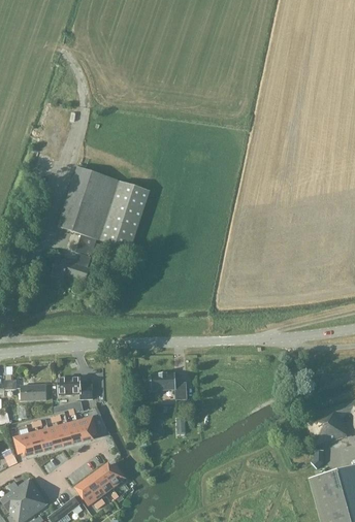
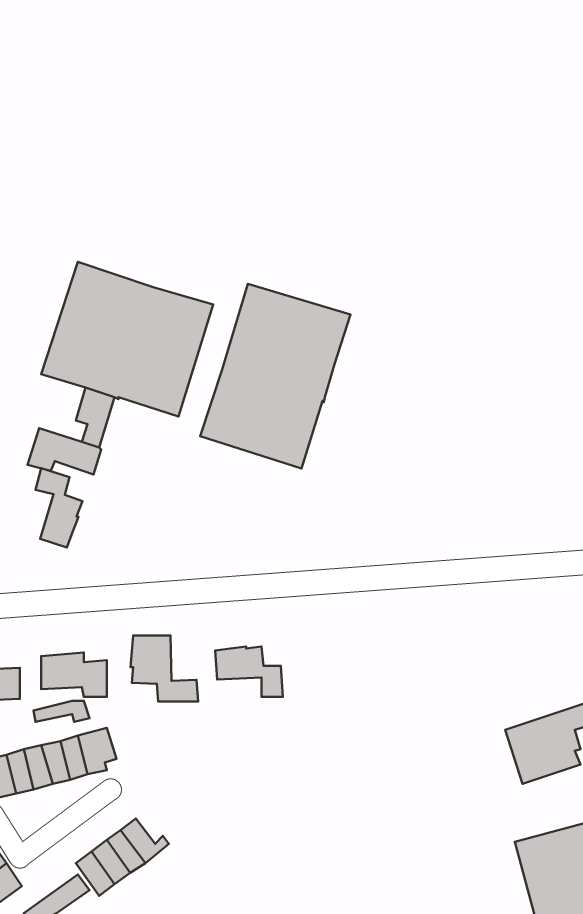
building: none -> [200,284,351,469]
building: none -> [36,468,82,547]
building: none -> [131,635,198,701]

